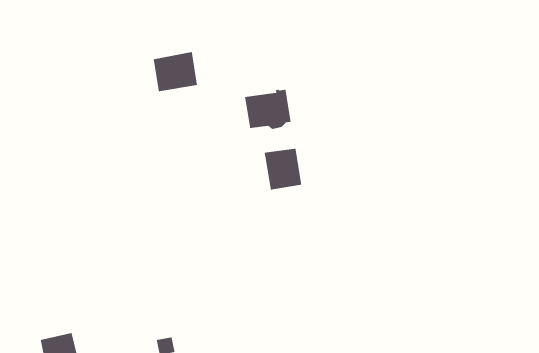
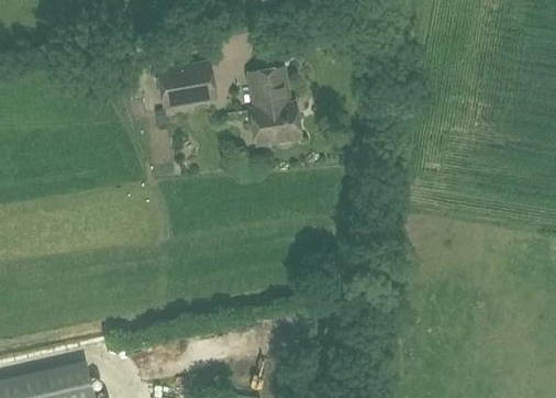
building: none -> [251,67,289,110]
building: [264,148,302,191] -> none

